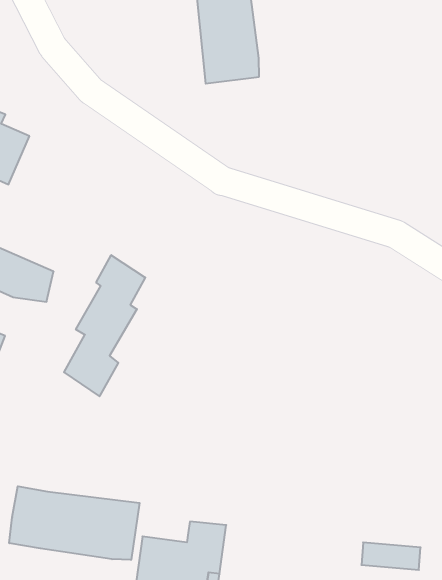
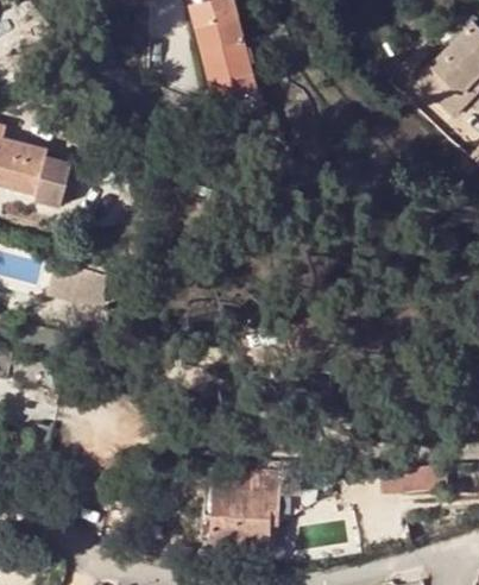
building: [64,255,145,396] -> none
building: [9,486,140,560] -> none

